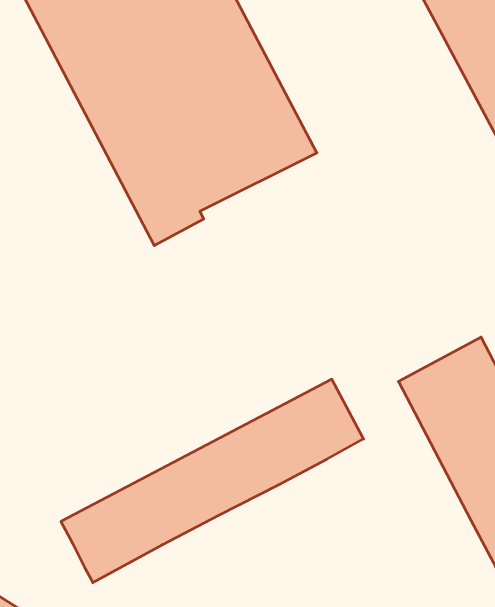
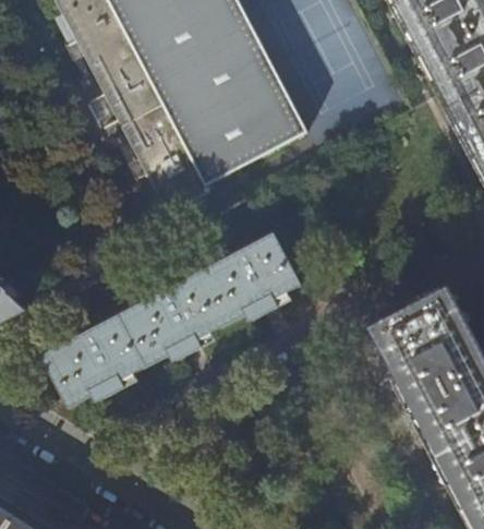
building: [61,379,364,583] -> [36,235,295,409]

